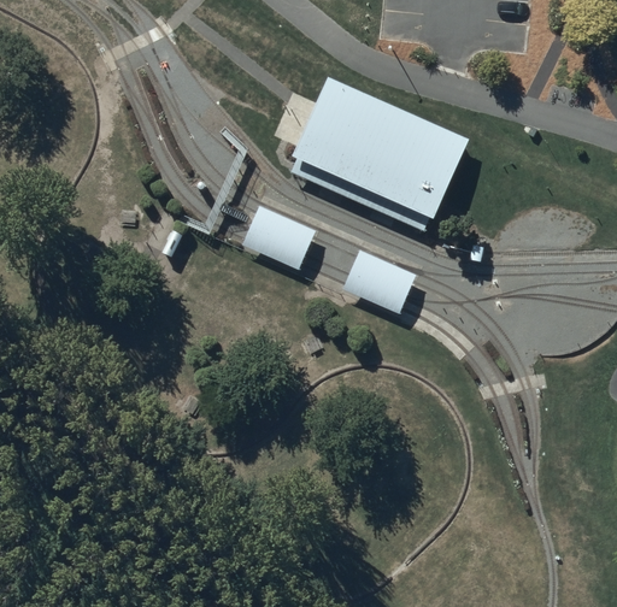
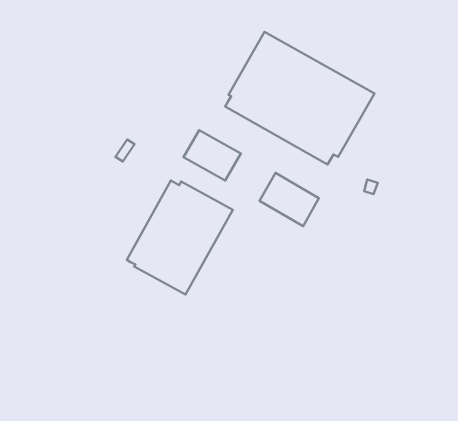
building: none -> [127,181,233,295]

